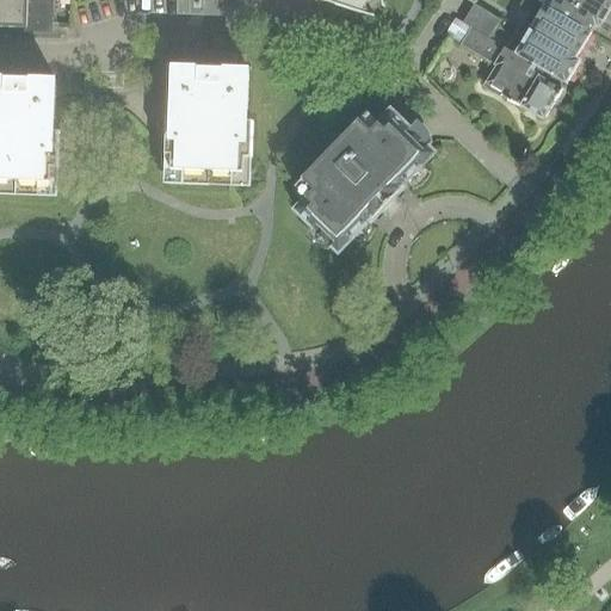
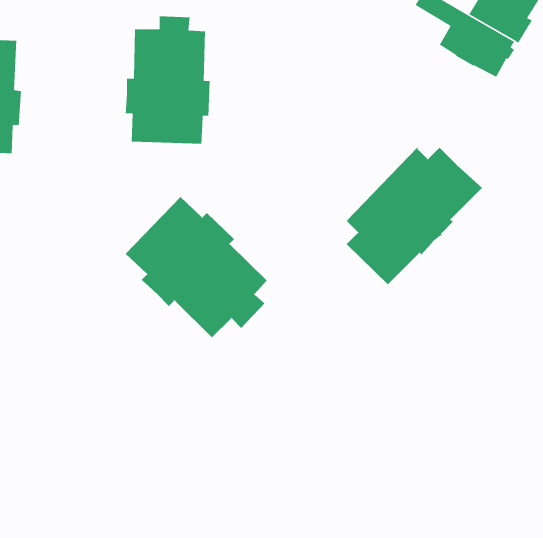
building: [294,106,433,247] -> [346,147,483,285]
building: none -> [125,196,267,338]

